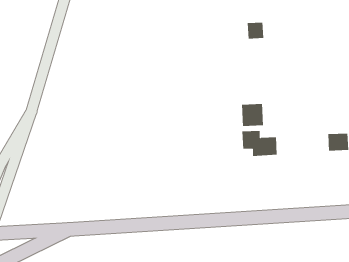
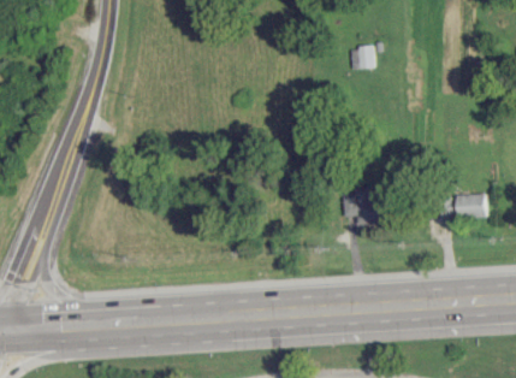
building: [242,103,264,127] -> none

